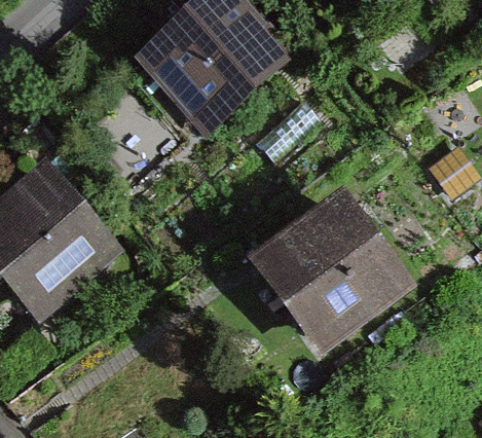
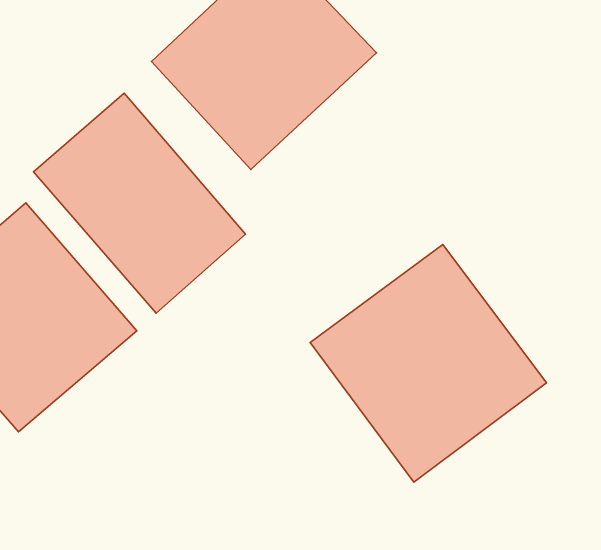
building: none -> [33,93,246,313]

